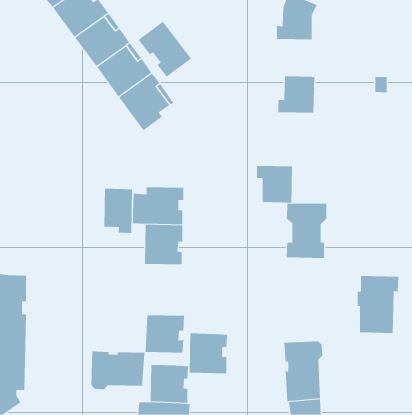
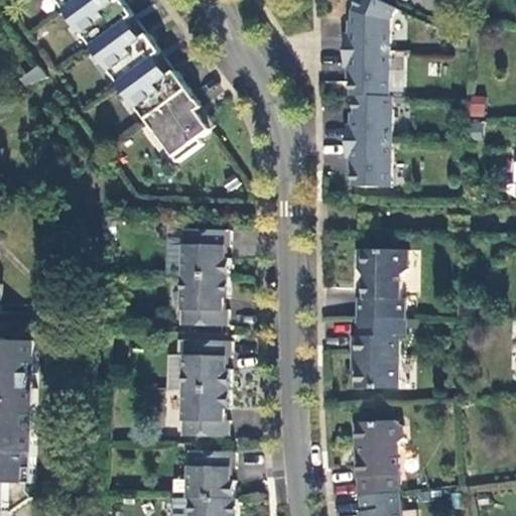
building: [138,21,192,78] -> none
building: none -> [342,48,387,95]
building: [256,166,293,203] -> [344,139,389,185]
building: [104,188,133,234] -> none
building: [357,276,399,333] -> [350,318,402,390]
building: [189,333,228,374] -> [181,340,230,390]
building: [91,351,145,390] -> none

